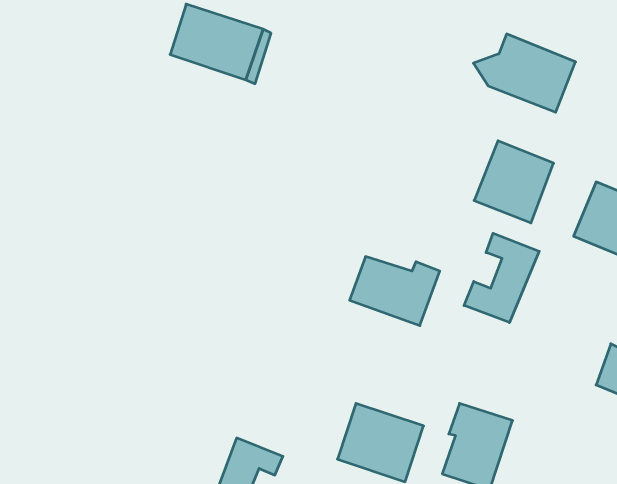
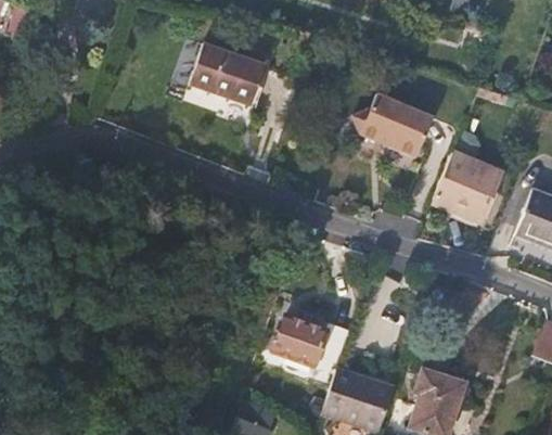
building: [473,34,576,112] -> [349,93,433,157]
building: [464,233,539,323] -> none
building: [350,257,440,326] -> [275,315,349,371]

